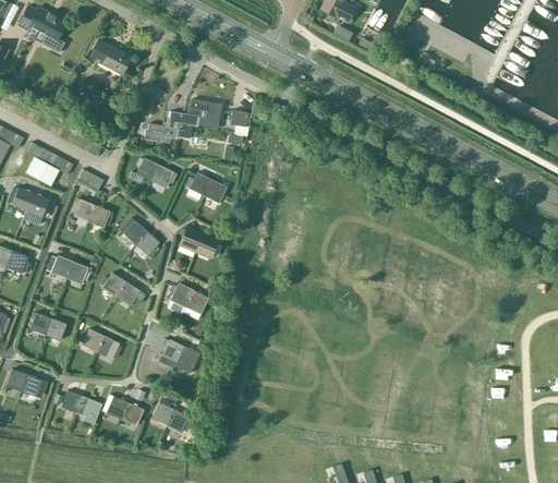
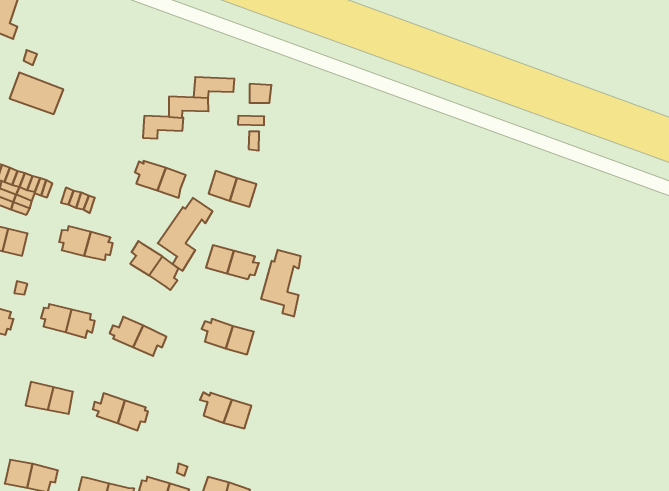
building: [90,39,132,74] -> [10,73,63,114]
building: none -> [158,198,212,271]
building: none -> [261,250,301,317]

